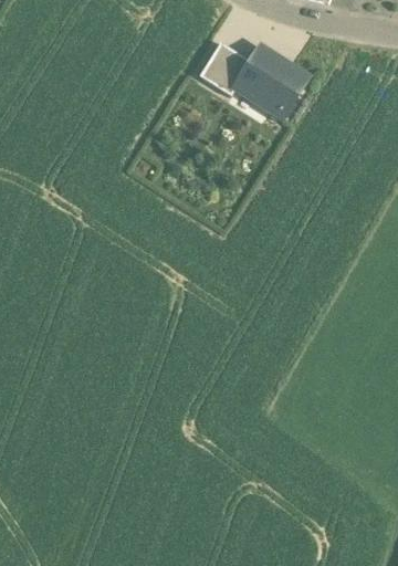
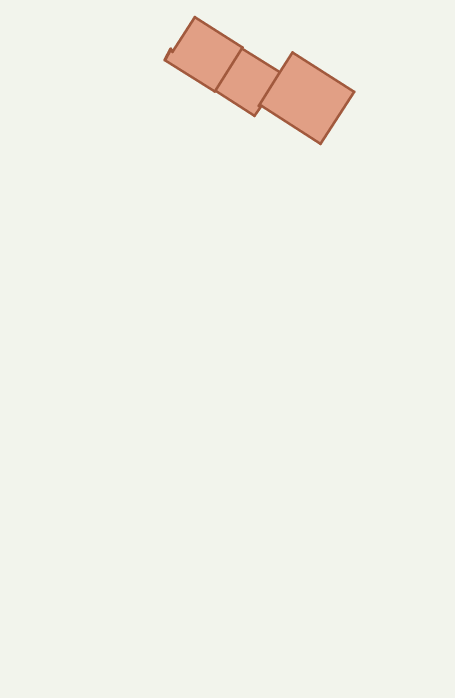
building: none -> [165,17,242,91]

